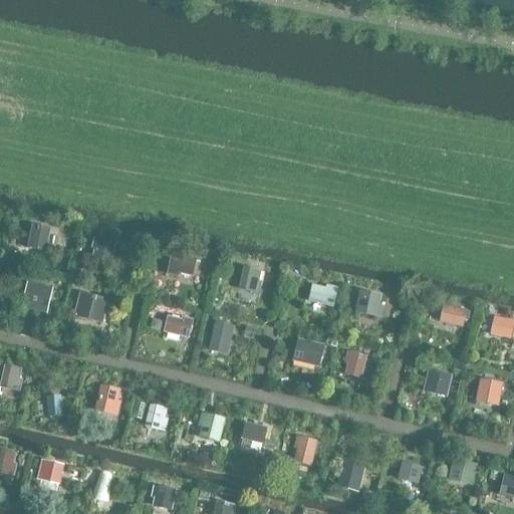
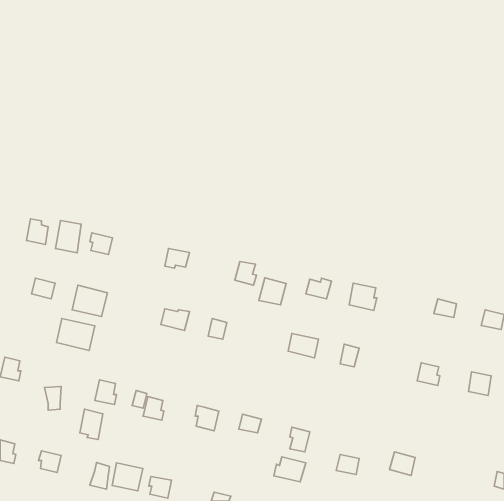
building: none -> [55,220,81,253]
building: none -> [259,278,286,305]
building: none -> [56,319,95,351]
building: none -> [80,409,103,440]
building: [449,459,478,484] -> none
building: none -> [274,457,306,482]
building: none -> [112,463,143,491]

